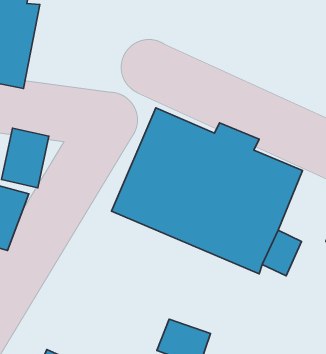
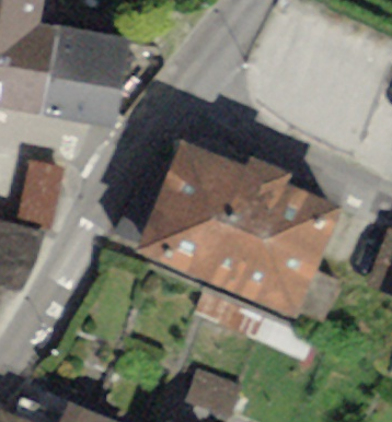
building: none -> [38,27,128,131]

